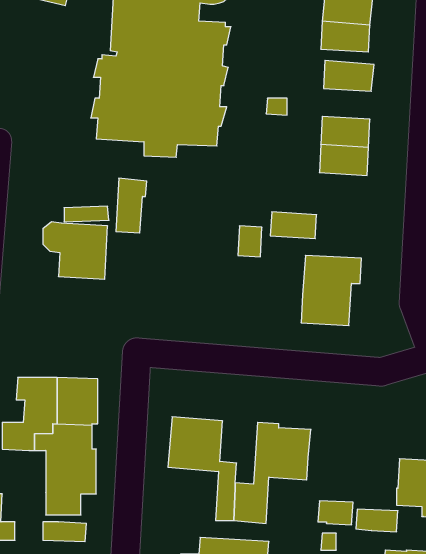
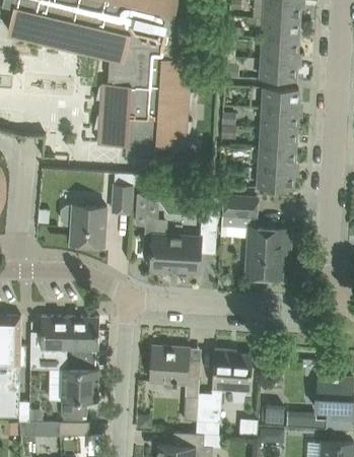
building: none -> [261,109,296,131]
building: none -> [257,170,293,192]
building: none -> [143,214,201,272]

